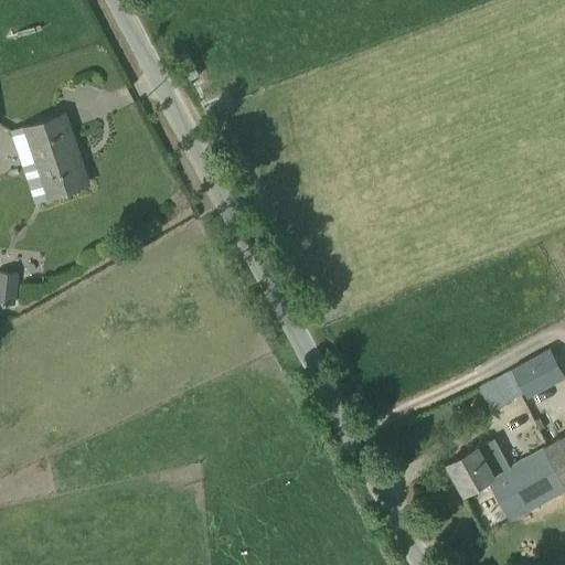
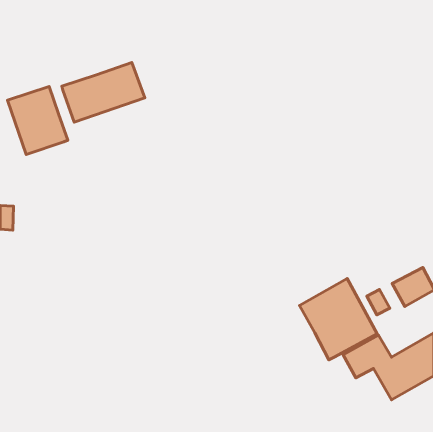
building: none -> [62,63,145,122]
building: none -> [300,279,377,360]

